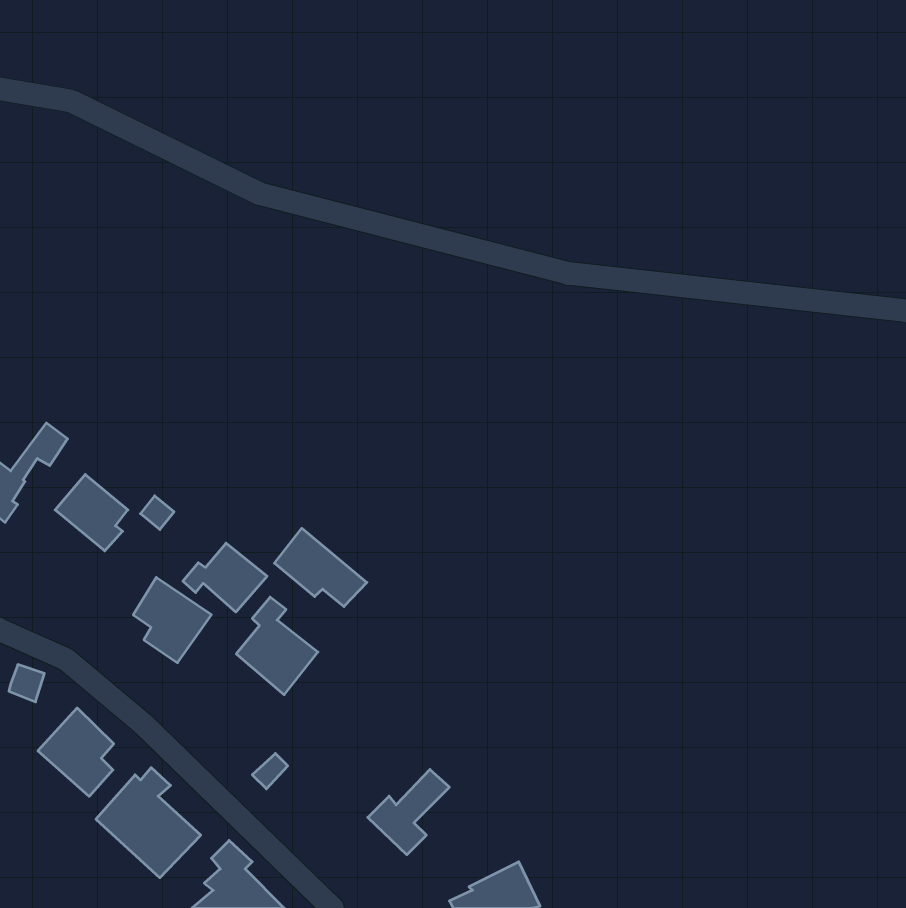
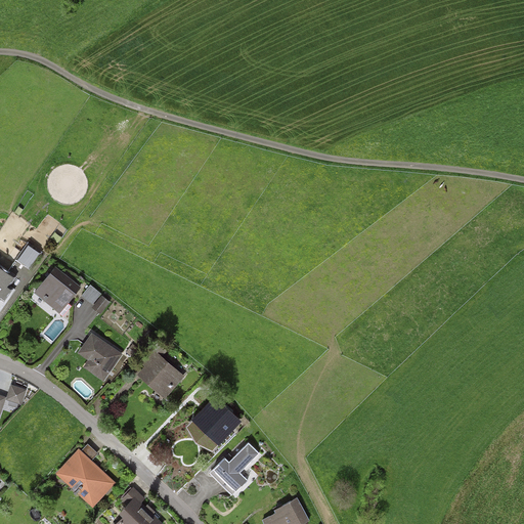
building: [274,528,367,607] -> none
building: [183,543,267,612] -> none
building: none -> [190,403,232,448]
building: [38,708,114,796] -> none

